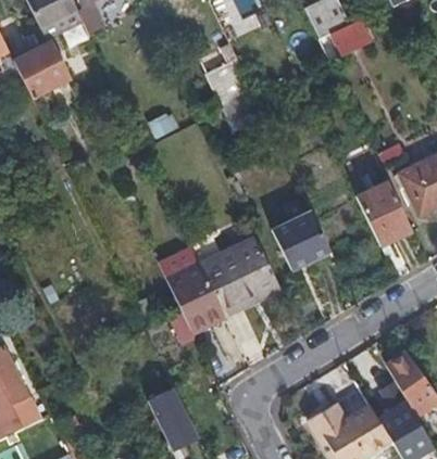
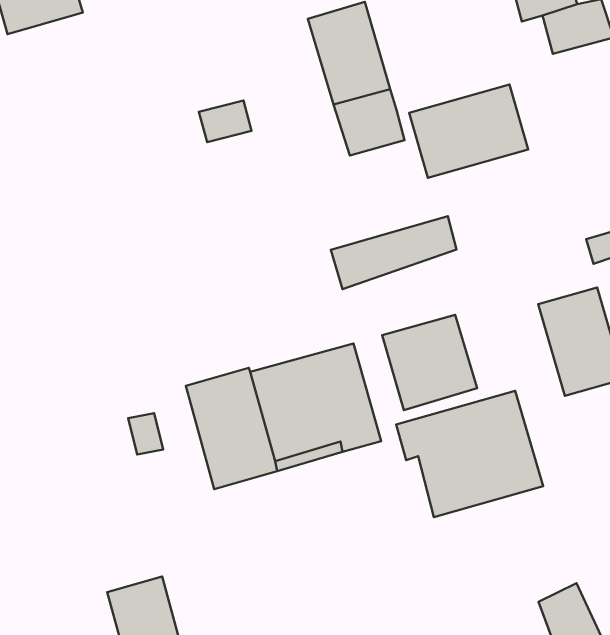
building: none -> [409,85,528,178]
building: none -> [331,216,456,289]
building: none -> [396,391,543,517]

